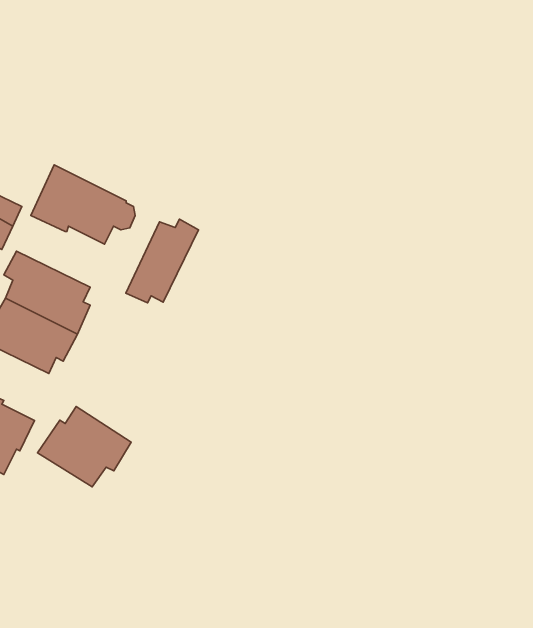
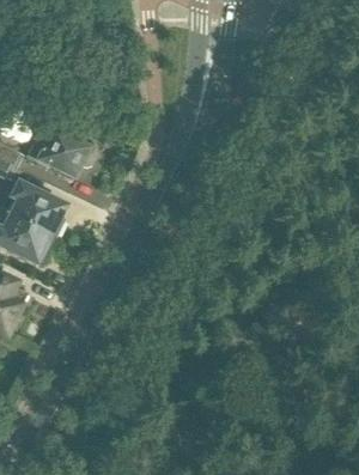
building: [126,219,198,303] -> none
building: [37,406,131,487] -> none

